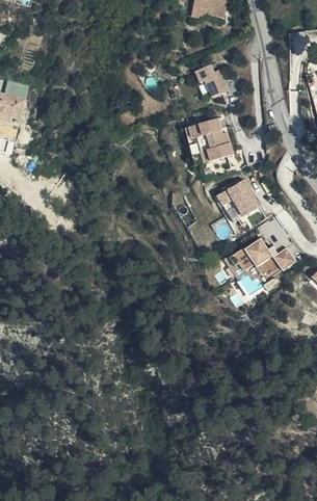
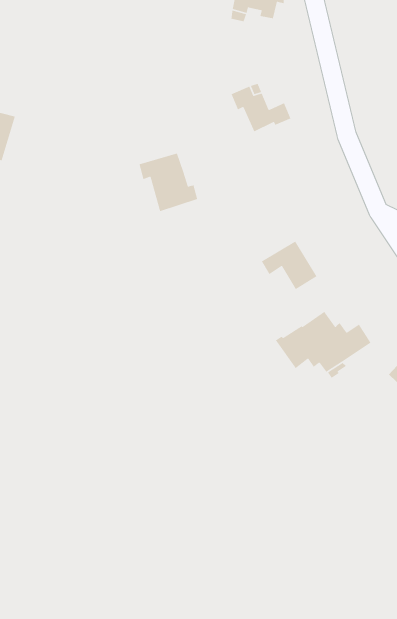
building: [188,116,233,161] -> [139,153,198,212]

